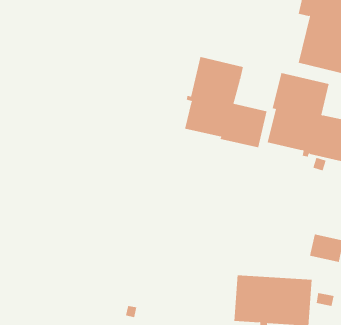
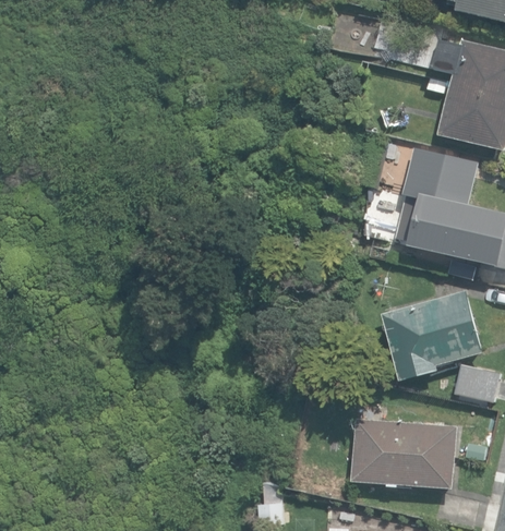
building: [185,56,267,148] -> none
building: none -> [378,289,482,381]

